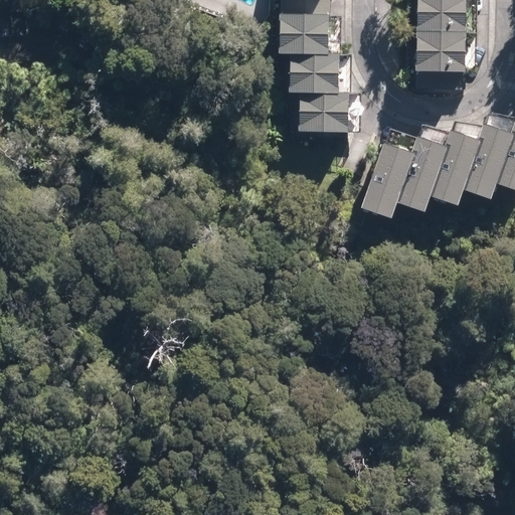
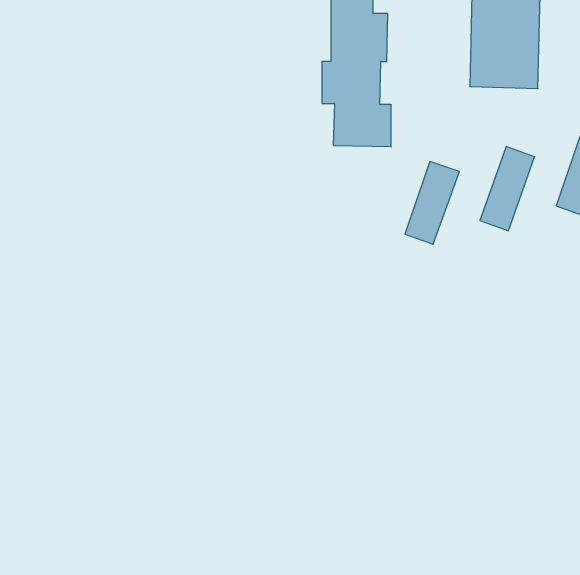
building: [460,125,509,198] -> none
building: [391,136,441,210] -> none

